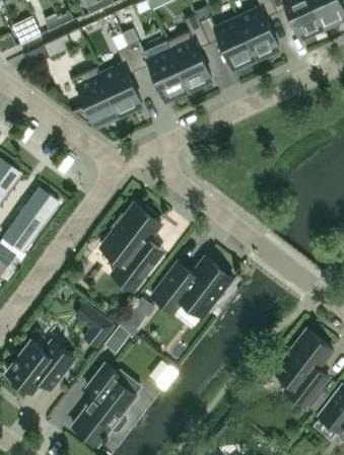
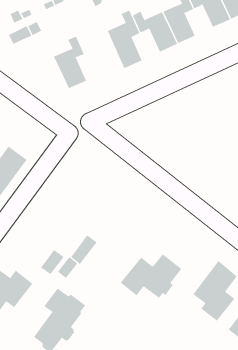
building: [122,28,188,98] -> none
building: [71,67,118,124] -> none
building: [100,204,162,291] -> none
building: [151,258,233,315] -> [120,253,185,299]

